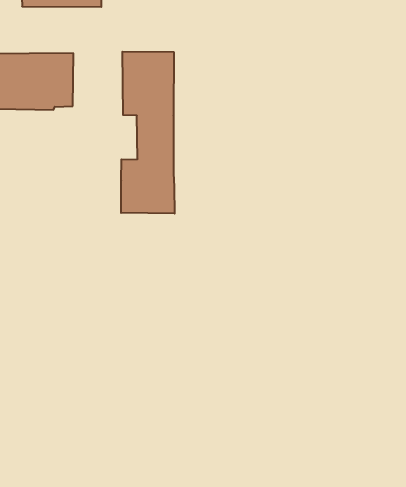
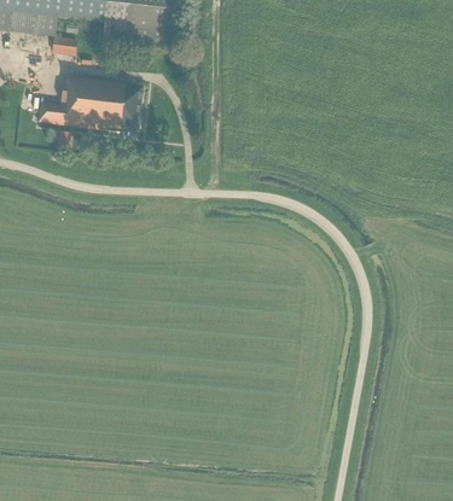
building: [121,52,175,214] -> none

